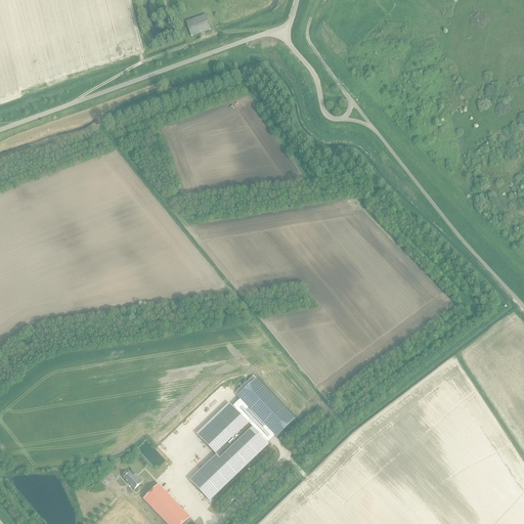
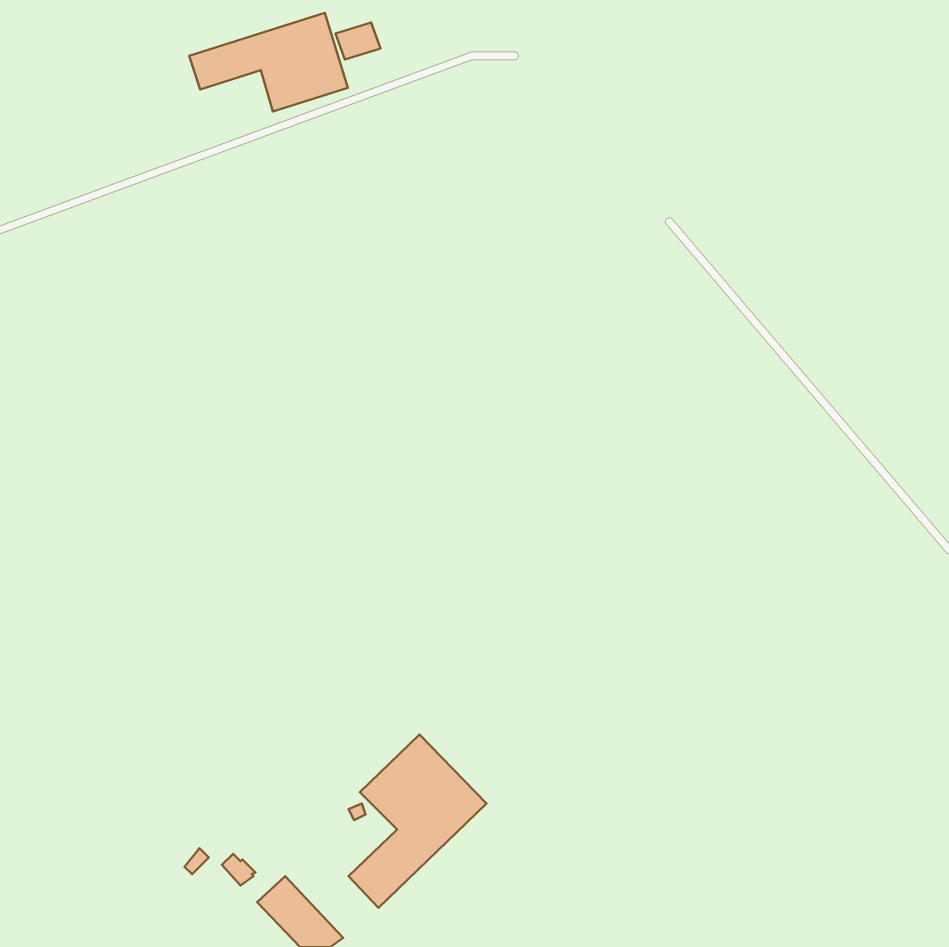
building: none -> [189,13,348,112]
building: [235,375,294,434] -> none

